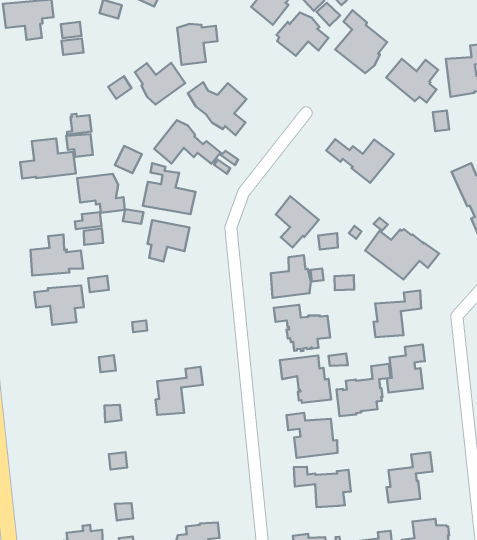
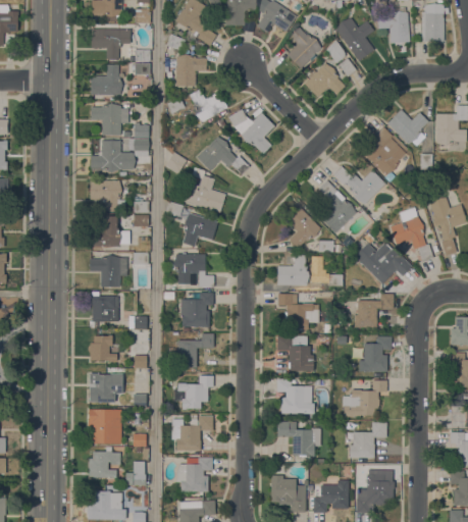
building: [335,10,387,73] -> [364,124,406,175]
building: [177,24,217,65] -> [175,54,206,86]
building: none -> [90,64,121,95]
building: none -> [90,103,128,136]
building: none -> [318,179,356,232]
building: [77,174,125,213] -> [90,180,124,210]
building: none -> [389,210,433,262]
building: none -> [173,254,213,286]
building: none -> [180,293,213,331]
building: none -> [89,296,117,327]
building: [336,364,391,416] -> [343,380,386,417]
building: none -> [89,335,116,361]
building: none -> [177,375,213,409]
building: none -> [89,373,122,402]
building: none -> [171,416,213,451]
building: none -> [88,409,121,445]

